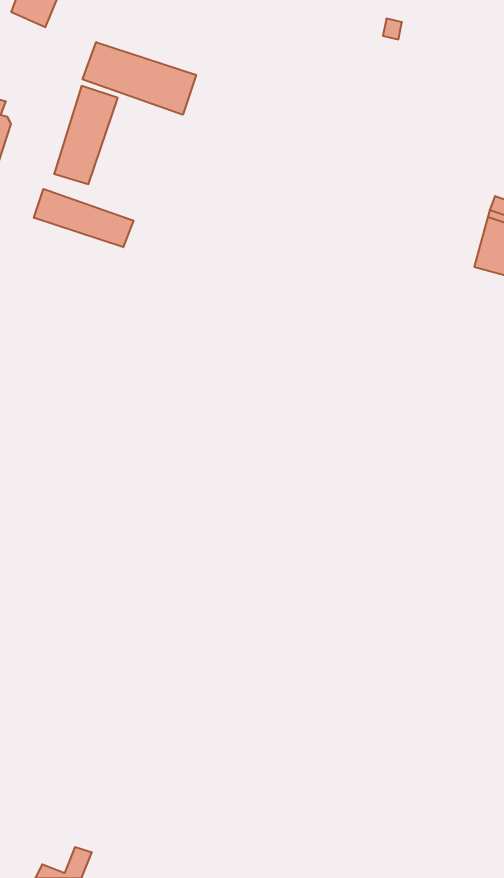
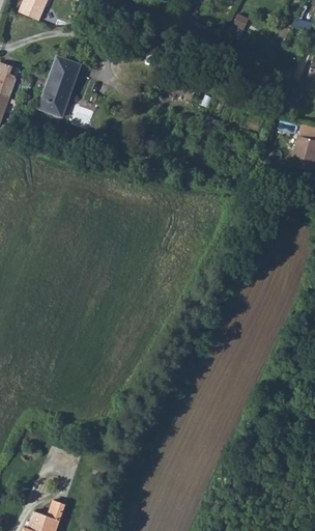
building: [83,42,196,115] -> none
building: [34,189,133,247] -> none

